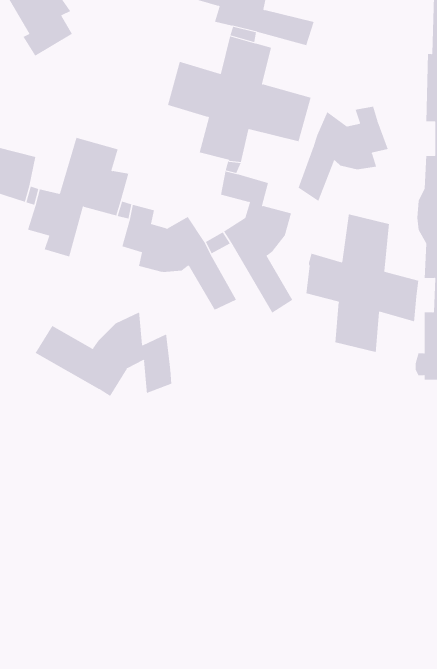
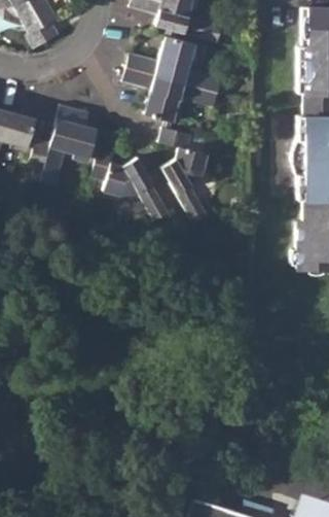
building: [298,106,388,202] -> none
building: [306,213,419,353] -> none
building: [35,311,172,397] -> none

